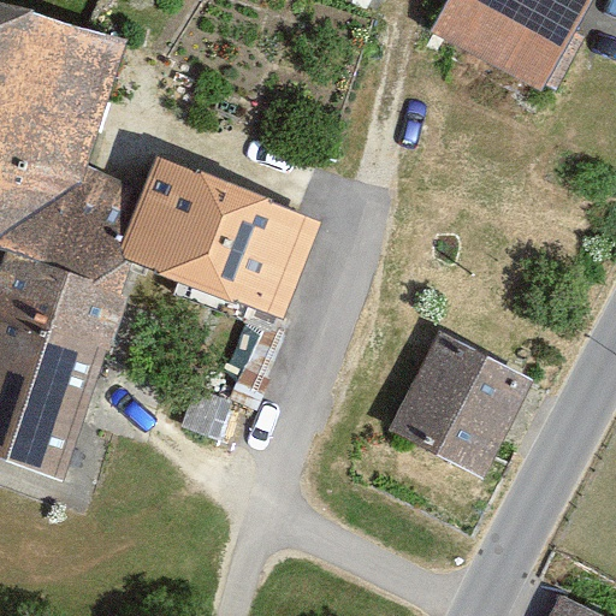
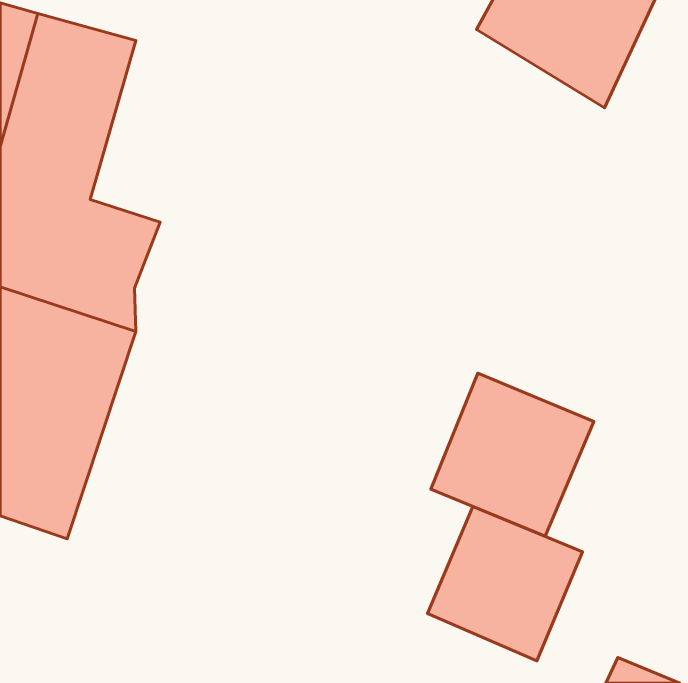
building: [120,159,320,319] -> none
building: none -> [427,506,583,661]

